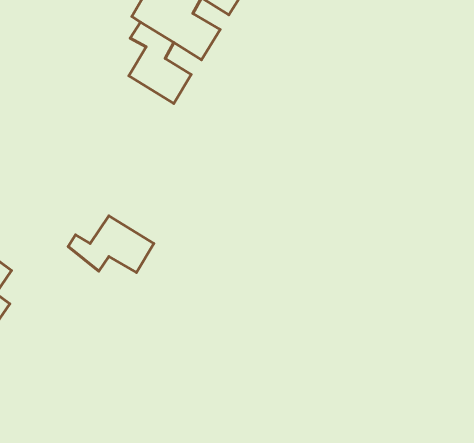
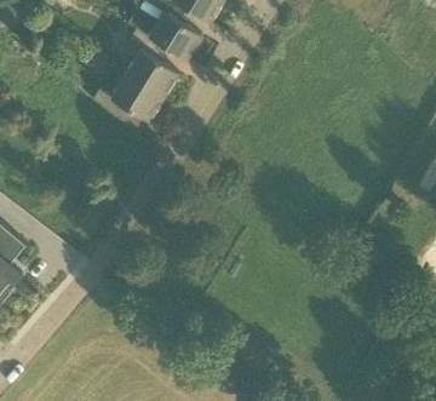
building: [68,216,154,273] -> [91,75,162,122]

